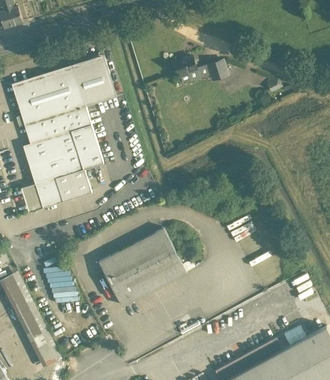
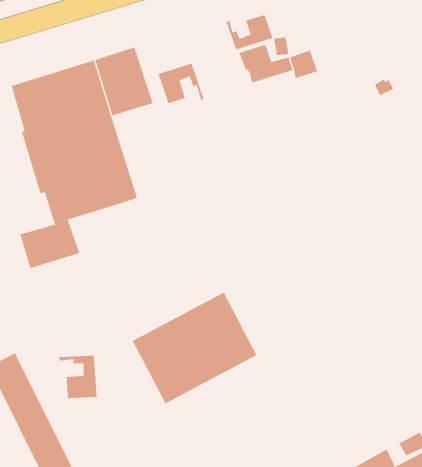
building: none -> [226,14,273,50]
building: none -> [158,63,204,104]
building: [55,170,92,202] -> none

